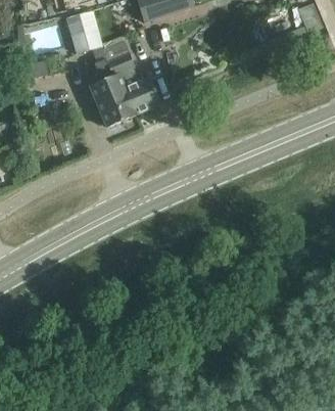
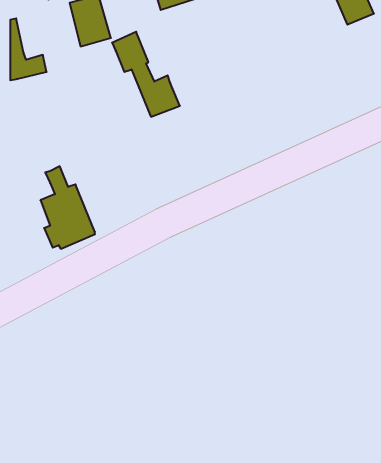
building: [90,56,136,126] -> [40,166,95,249]

